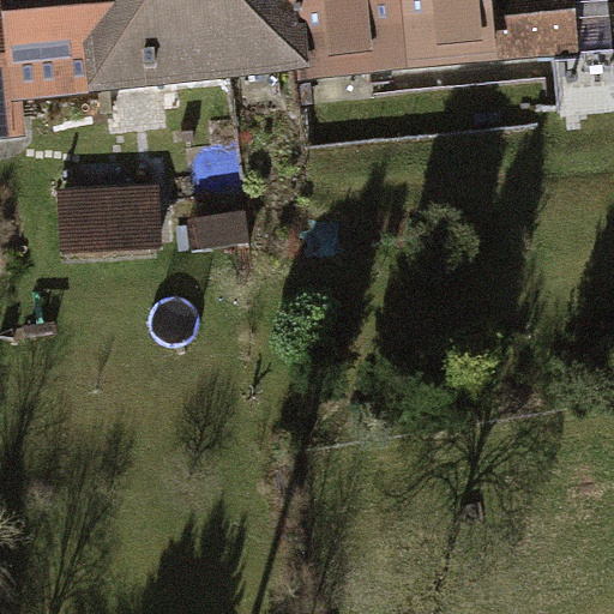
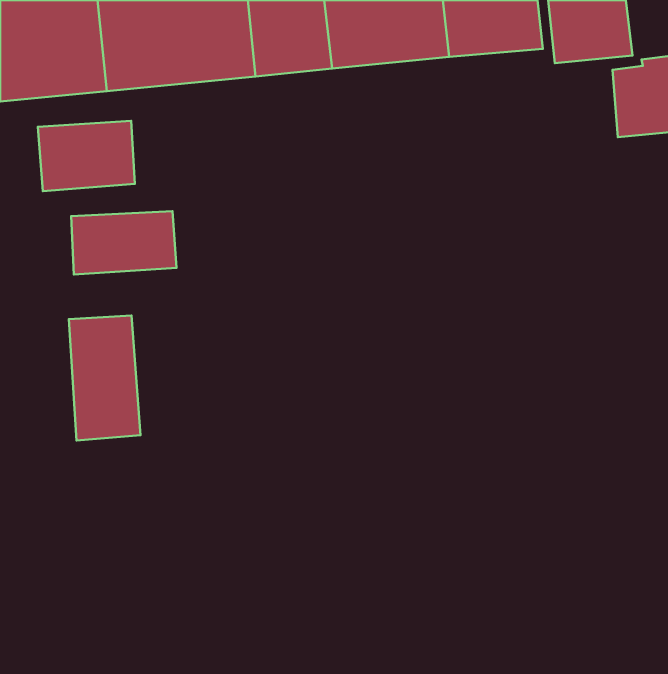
building: none -> [38,121,135,191]
building: none -> [69,315,141,440]

